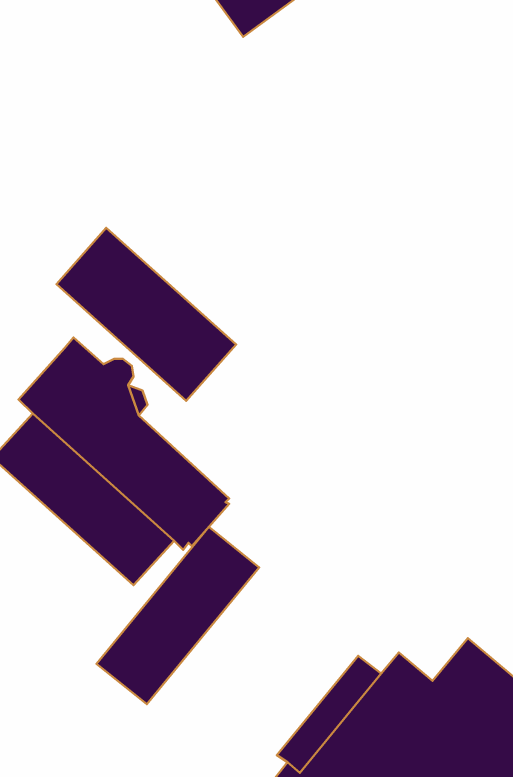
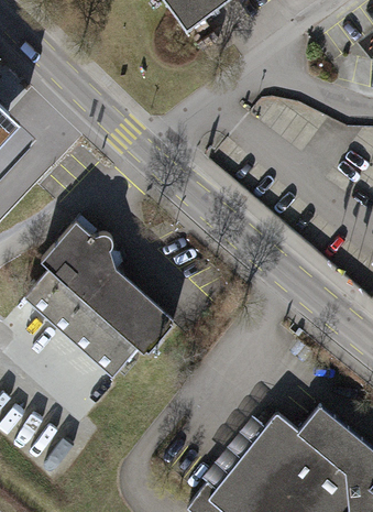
building: [57,228,236,401] -> none
building: [96,527,259,704] -> none

